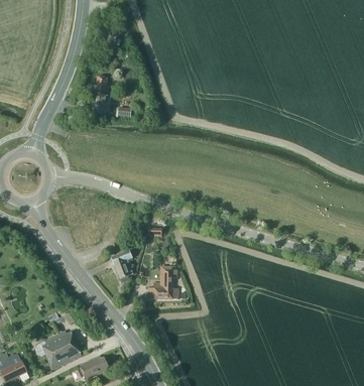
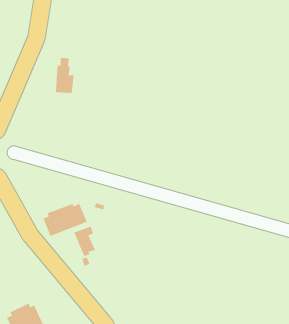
building: none -> [43,203,88,237]
building: [147,266,176,298] -> none

